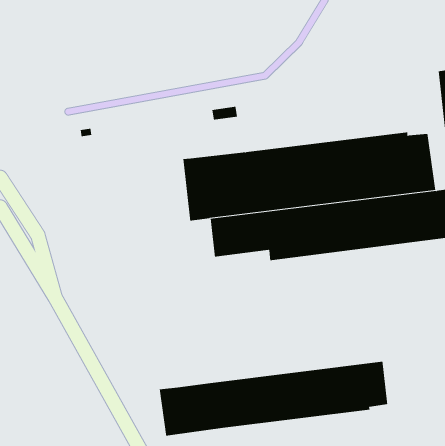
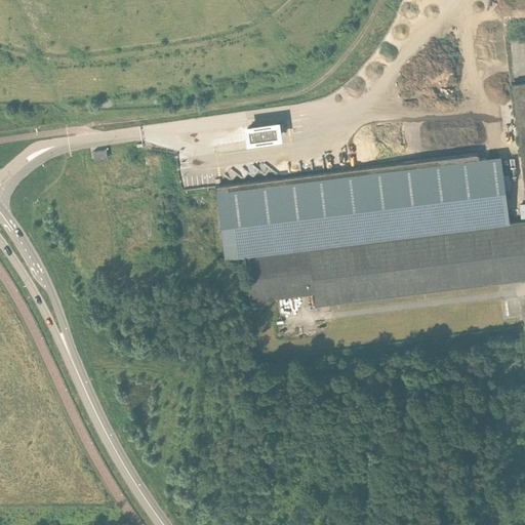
building: [159,361,388,436] -> none

